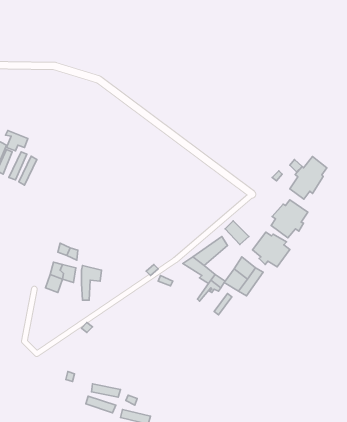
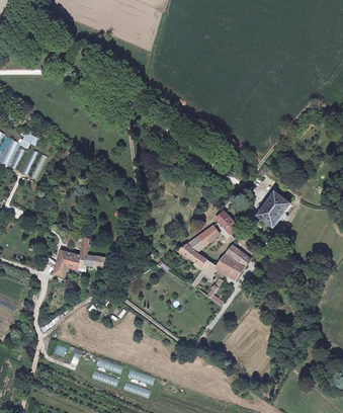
building: [290,156,327,199] -> none
building: [252,232,290,267] -> none

